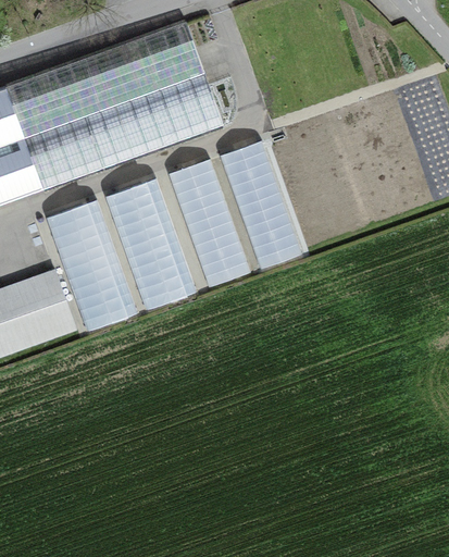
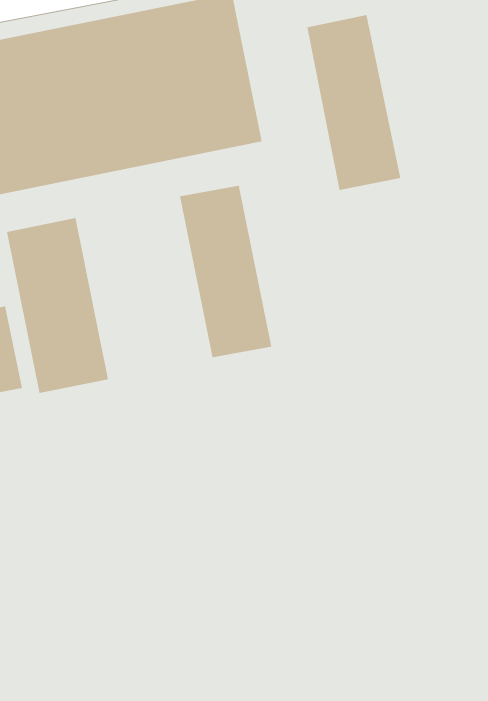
building: [220,140,303,270] -> [306,15,401,190]
building: [105,178,196,310] -> none

